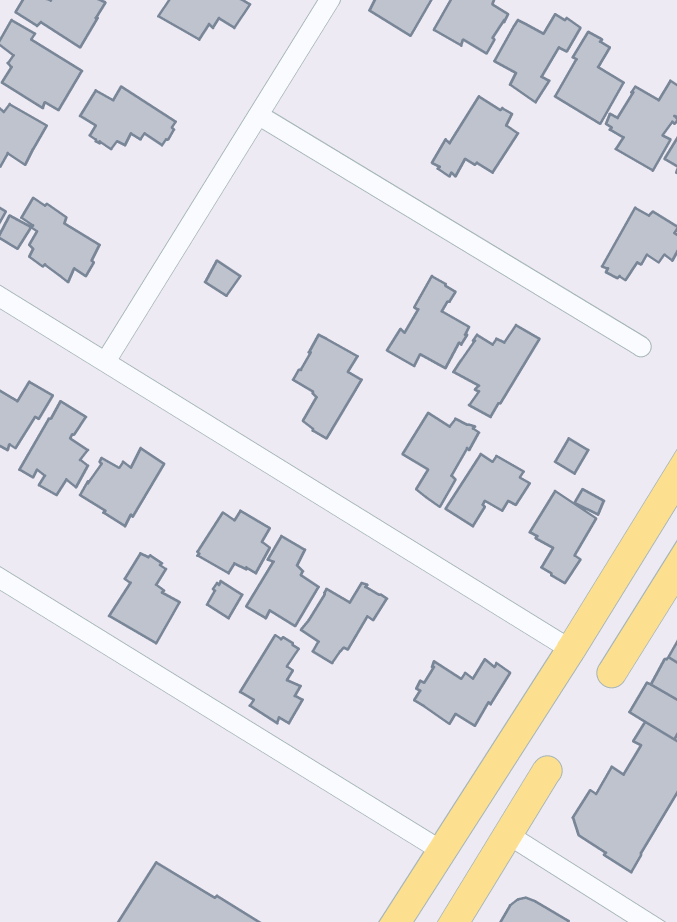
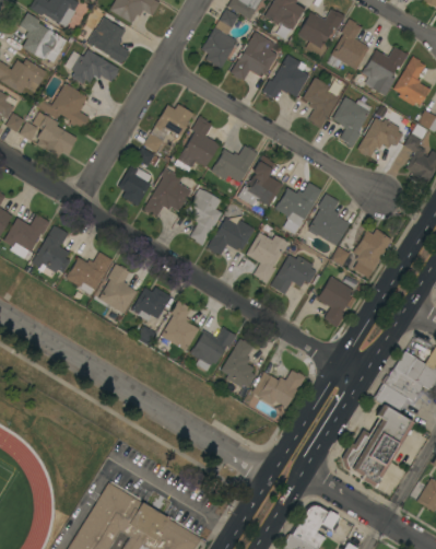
building: none -> [201,9,241,69]
building: none -> [86,16,129,65]
building: none -> [231,32,278,81]
building: none -> [303,77,339,129]
building: none -> [37,83,90,131]
building: none -> [332,96,372,148]
building: none -> [143,104,193,153]
building: none -> [174,116,220,174]
building: none -> [211,145,258,183]
building: none -> [118,165,152,207]
building: none -> [143,168,191,217]
building: none -> [308,194,350,246]
building: none -> [208,218,255,255]
building: none -> [353,229,392,278]
building: [109,553,180,643] -> [98,264,138,314]
building: [240,635,303,723] -> [221,339,256,388]

